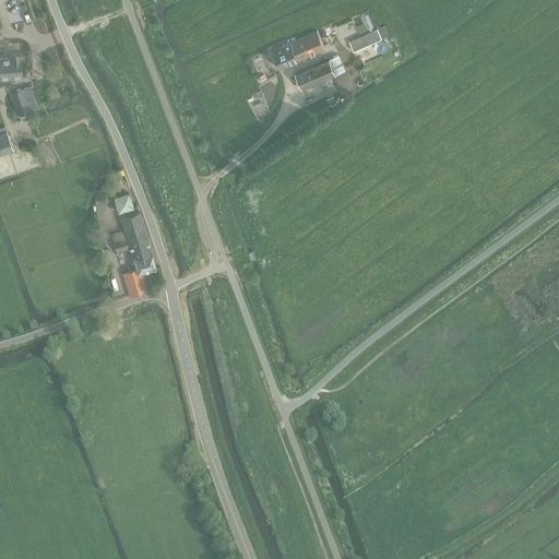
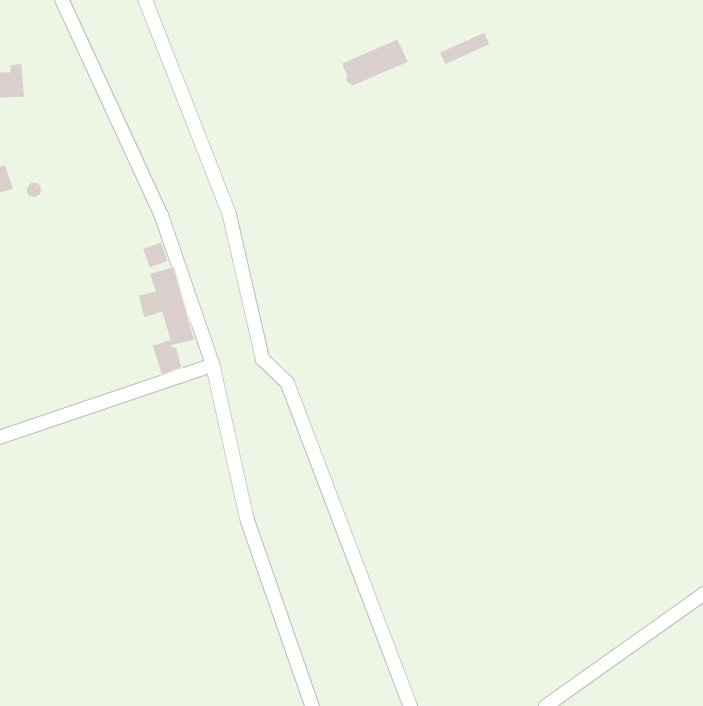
building: [293,55,344,90] -> none
building: [8,86,33,114] -> none

